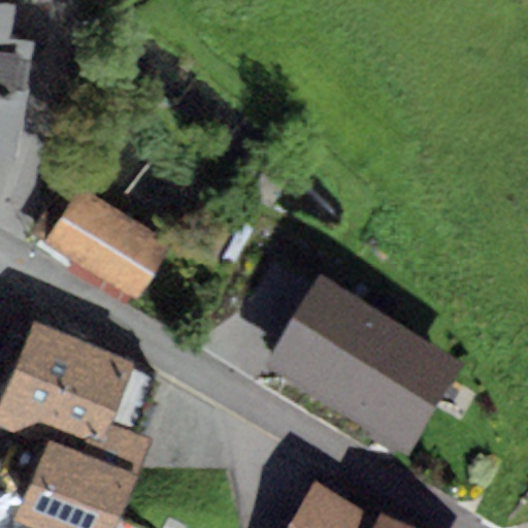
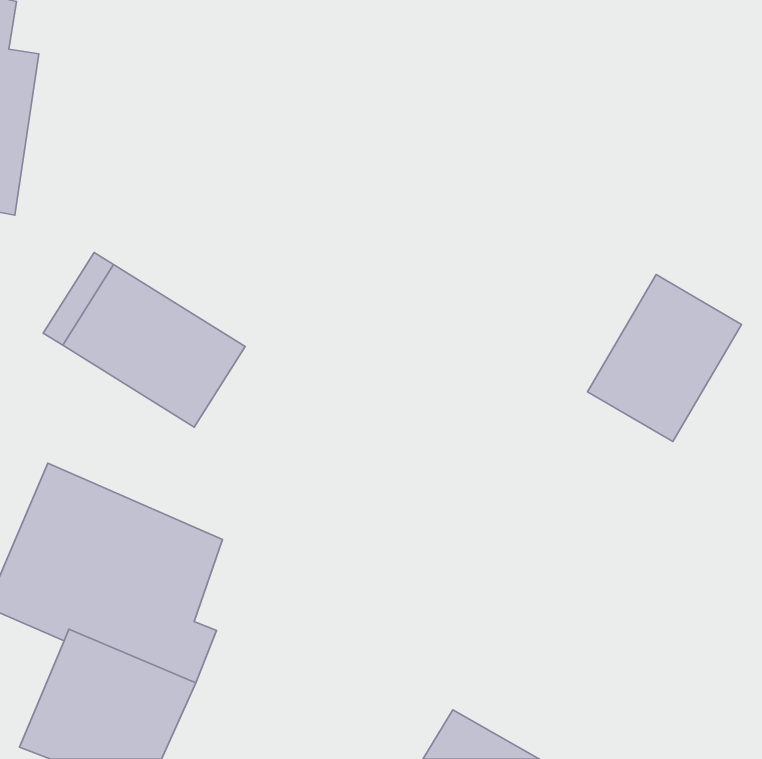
building: none -> [587,275,741,441]
building: [269,294,463,464] -> none

